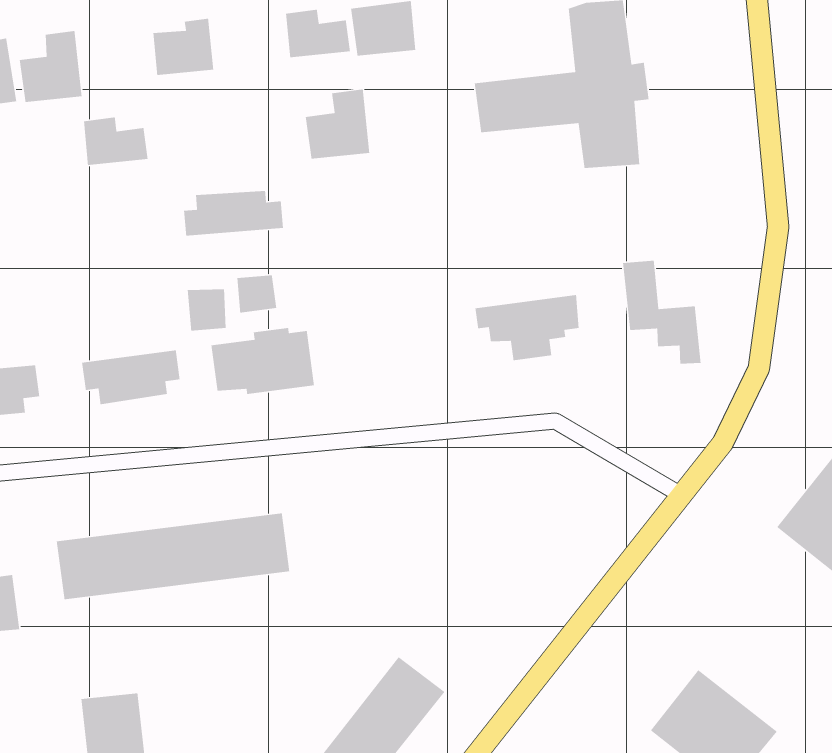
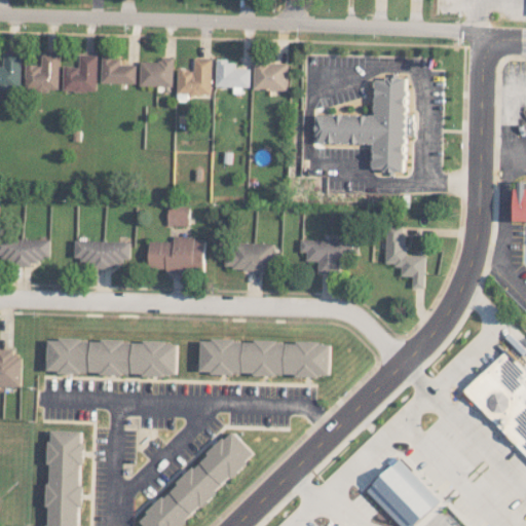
building: [305,88,370,159] -> [177,59,212,96]
building: [83,116,149,166] -> [100,58,135,84]
building: [183,190,284,237] -> none
building: [187,289,227,332] -> none
building: none -> [226,243,278,270]
building: none -> [199,341,329,375]

